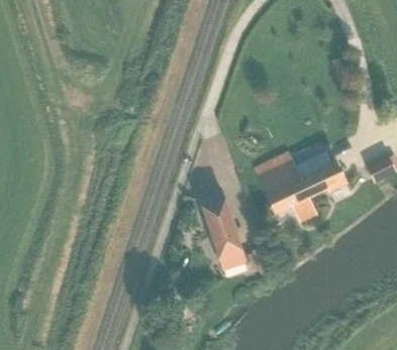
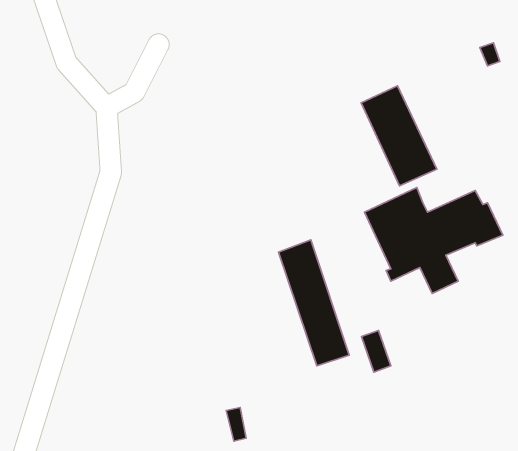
building: none -> [361,86,437,186]

